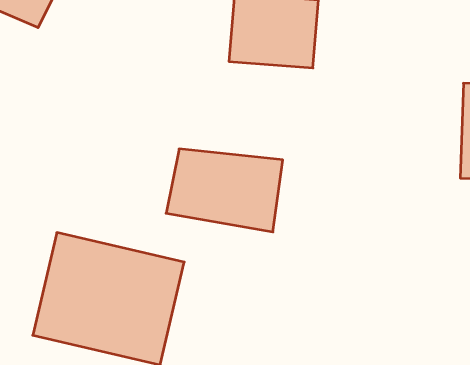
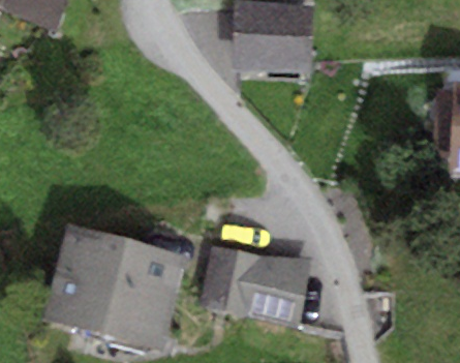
building: [166,149,283,232] -> [200,248,310,327]

